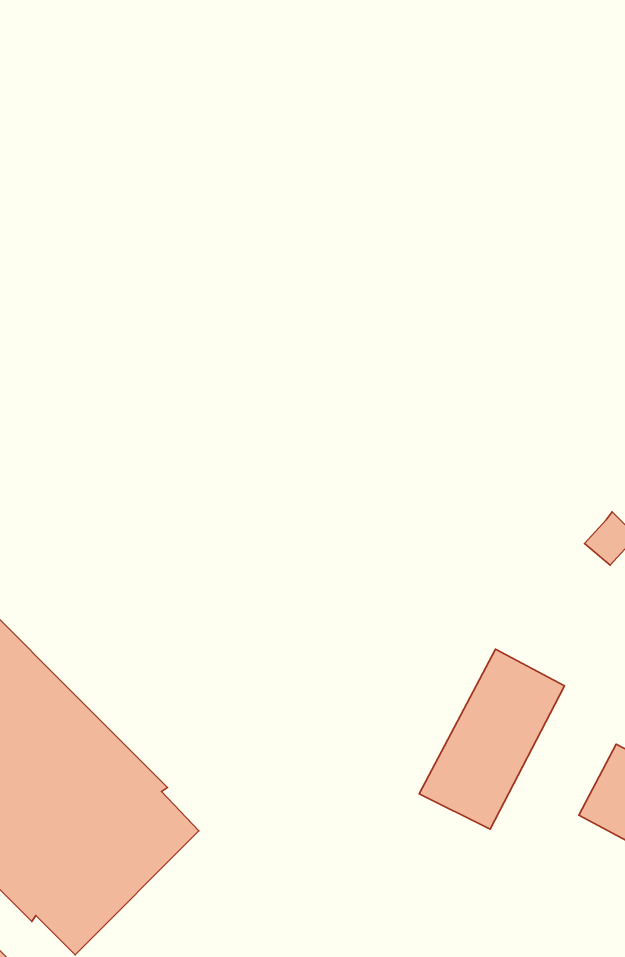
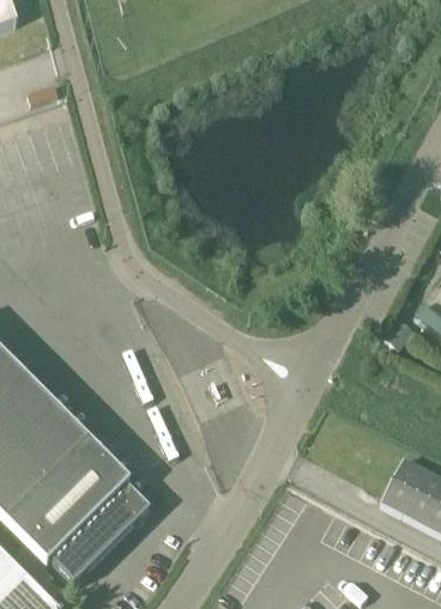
building: [419,649,565,829] -> none

